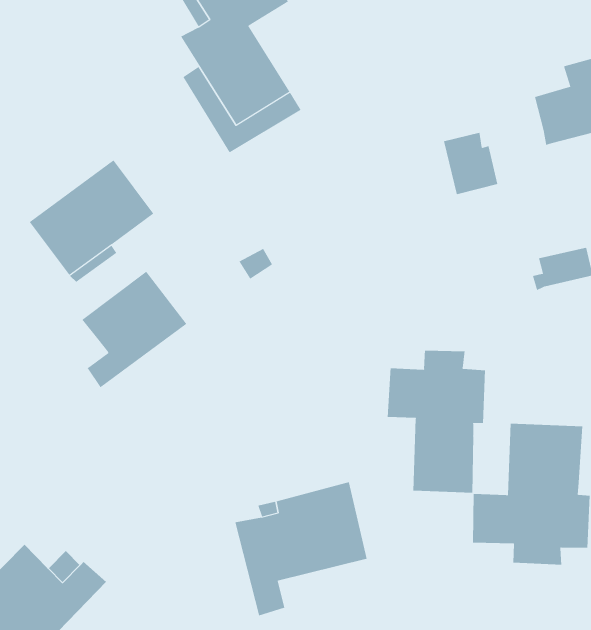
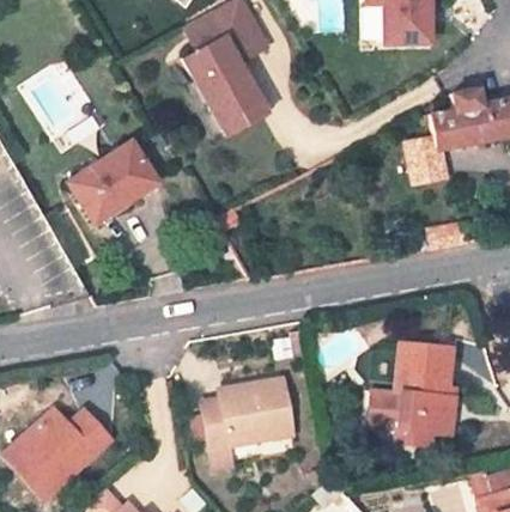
building: [443,132,498,195] -> [409,138,447,181]
building: [82,271,187,388] -> none
building: [387,350,485,493] -> none

